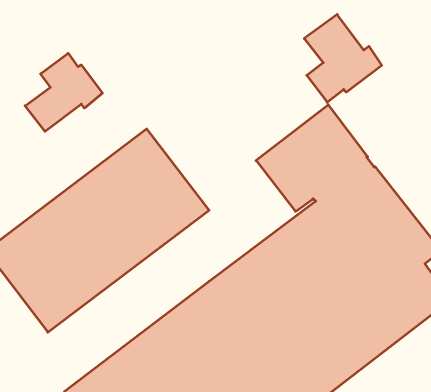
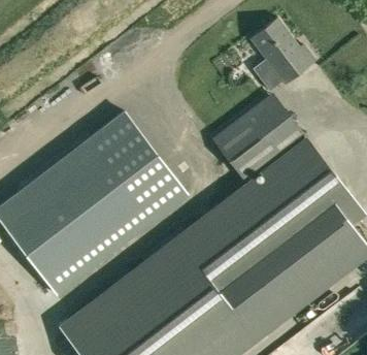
building: [25,53,102,131] -> none

